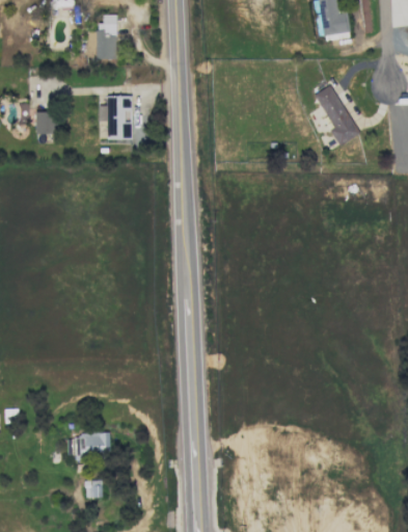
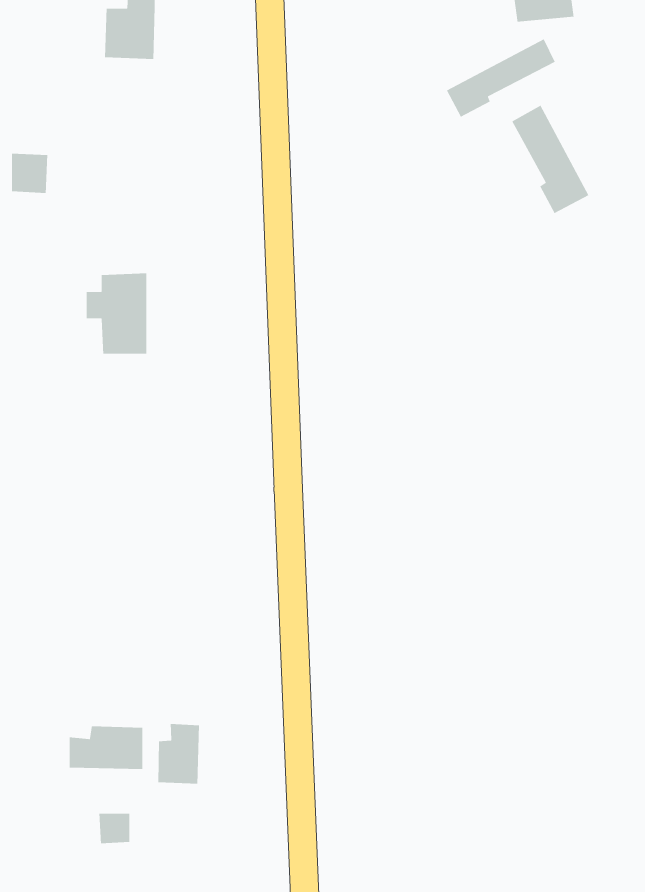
building: none -> [446,38,556,118]
building: [100,95,134,140] -> [86,273,147,354]
building: none -> [158,723,200,785]

